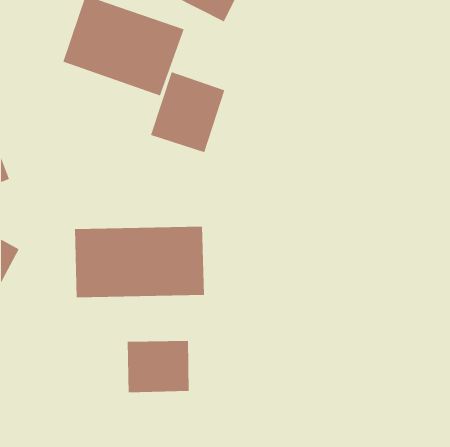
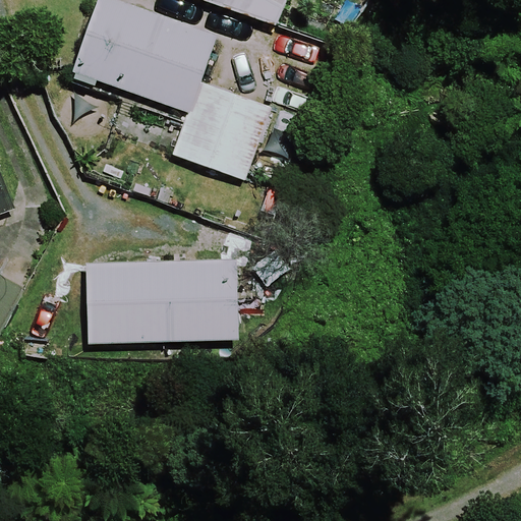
building: [127,340,189,393] -> none

